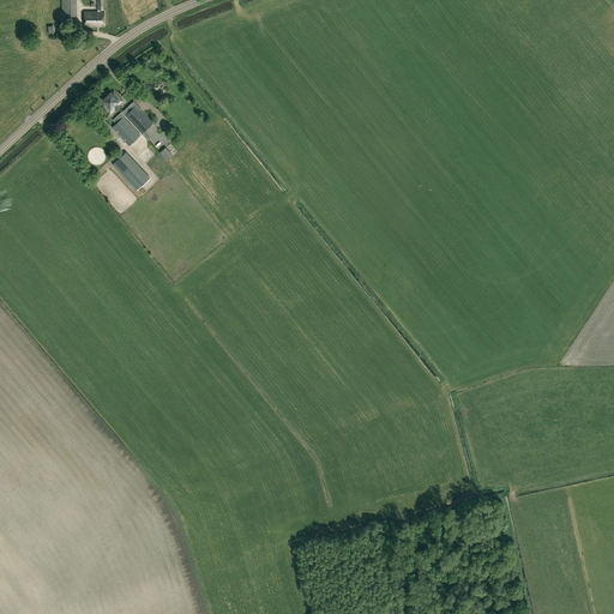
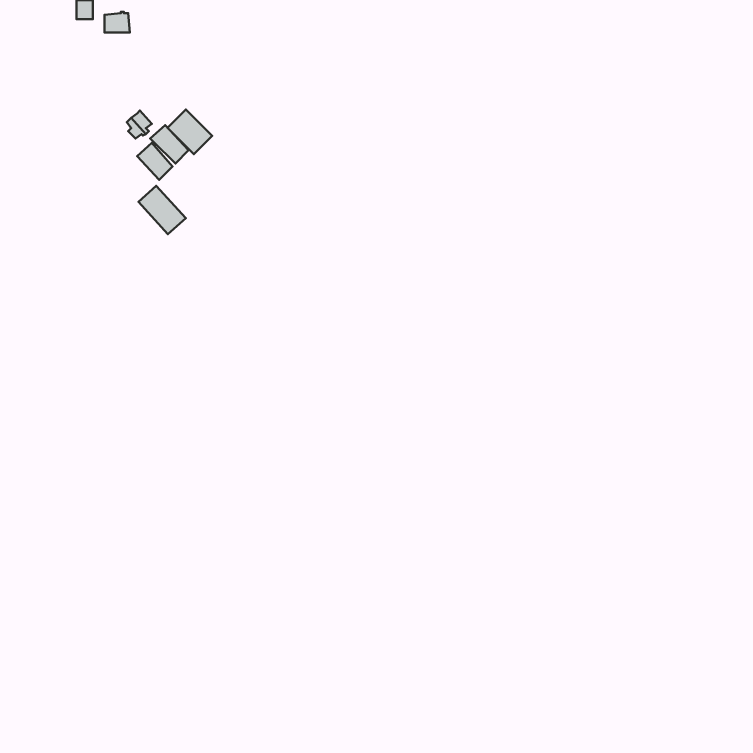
building: none -> [167,109,212,154]

